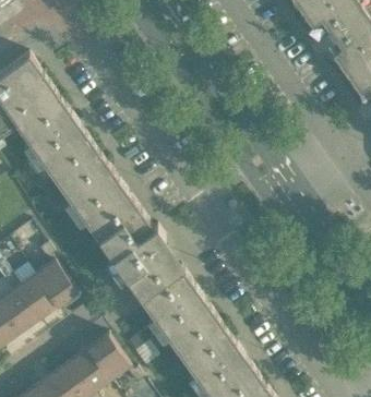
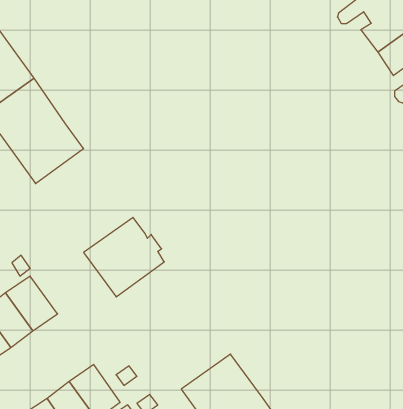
building: [57,154,139,241] -> none
building: [124,249,220,356] -> none

